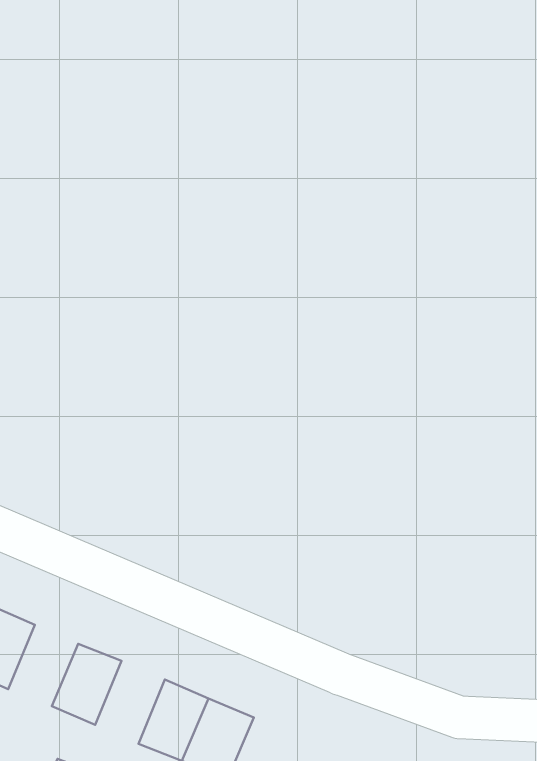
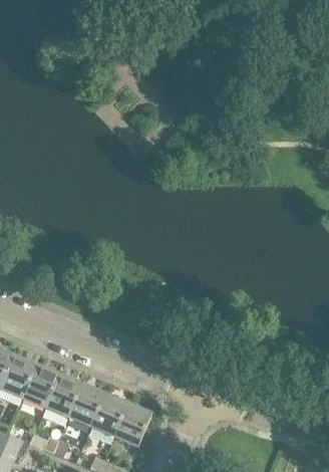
building: none -> [21,365,58,408]
building: none -> [67,384,104,428]

